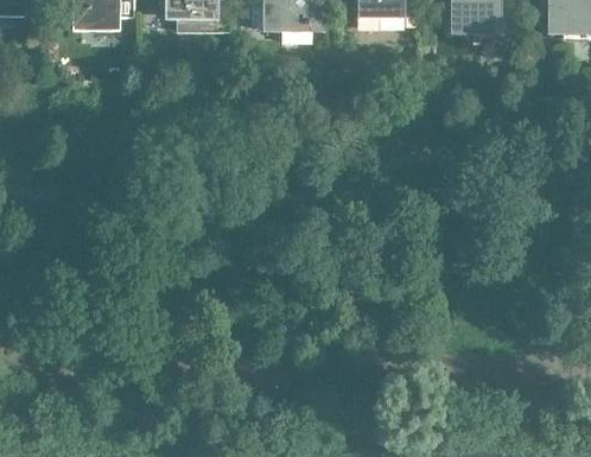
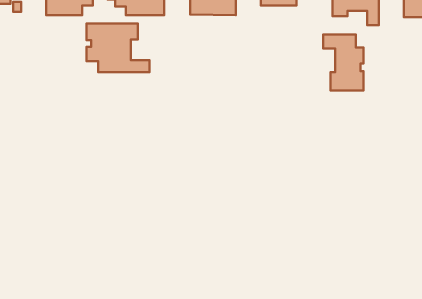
building: none -> [87,23,149,72]
building: none -> [323,35,363,90]

